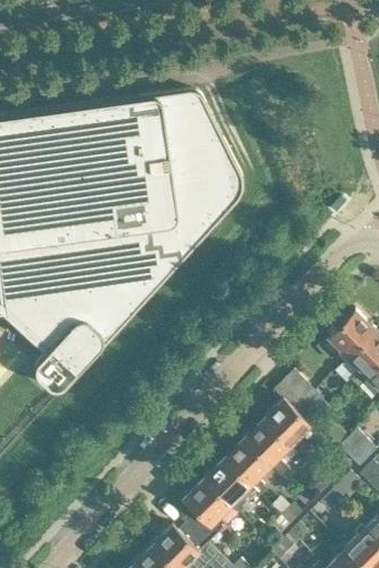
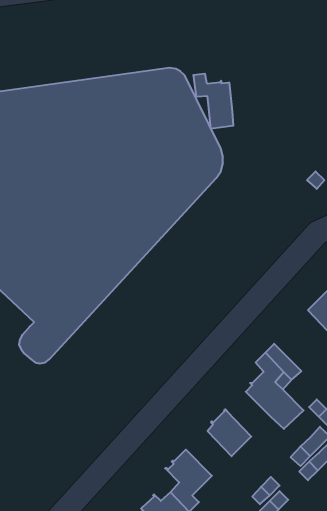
building: none -> [193,74,233,129]
building: [245,419,289,479] -> none
building: [202,459,257,515] -> none

